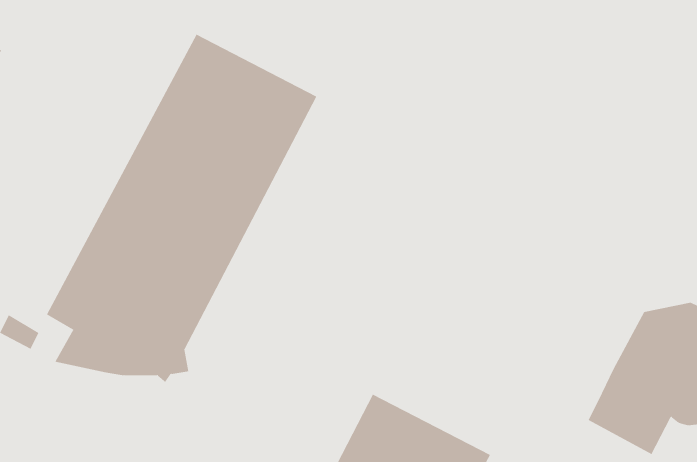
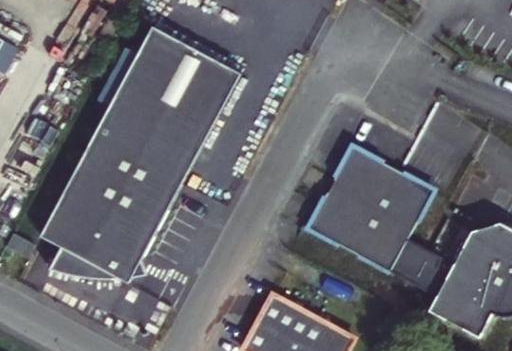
building: none -> [310,145,449,295]

